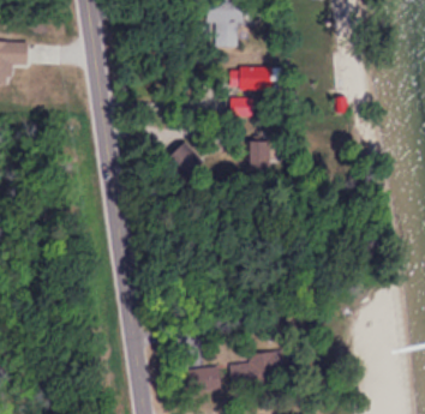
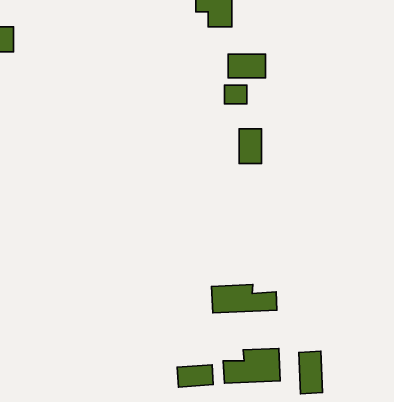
building: [160,139,199,178] -> none
building: none -> [212,284,277,313]
building: none -> [299,351,323,394]

